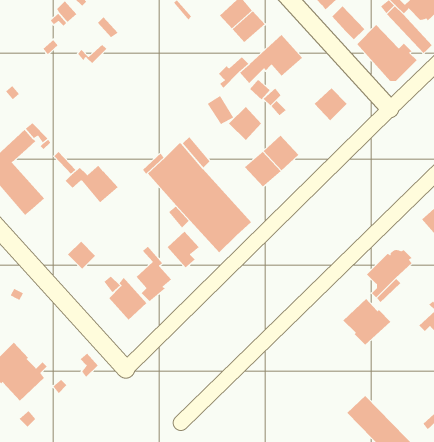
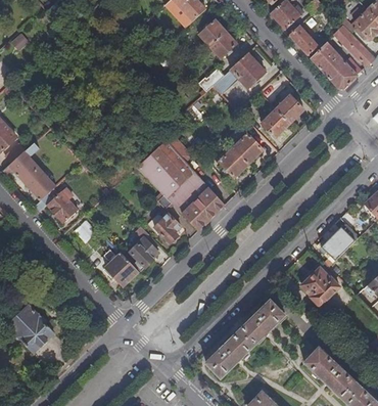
building: [228,106,262,141] -> [262,107,289,136]
building: [65,165,119,203] -> [34,191,78,223]
building: none -> [204,300,283,377]

